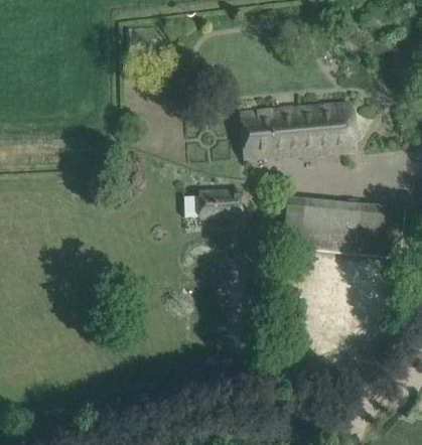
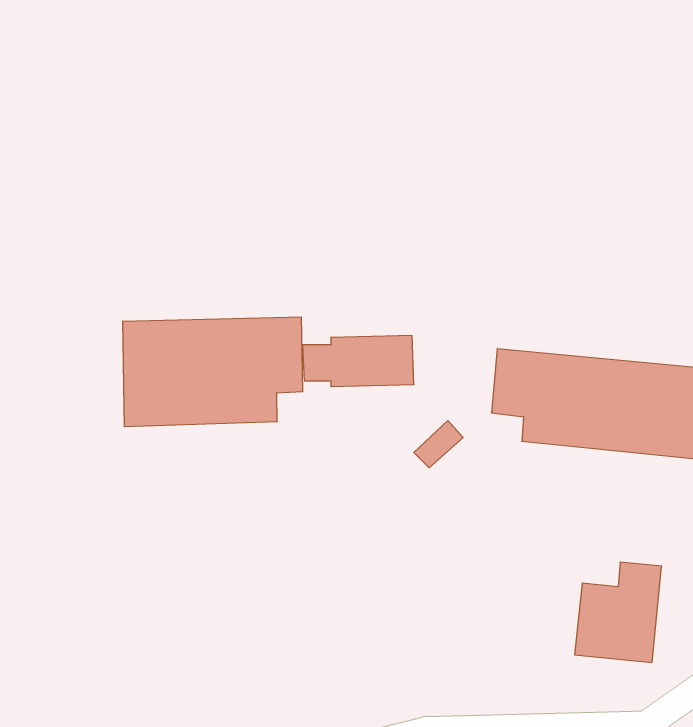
building: [240,102,355,158] -> none
building: none -> [123,317,303,427]

